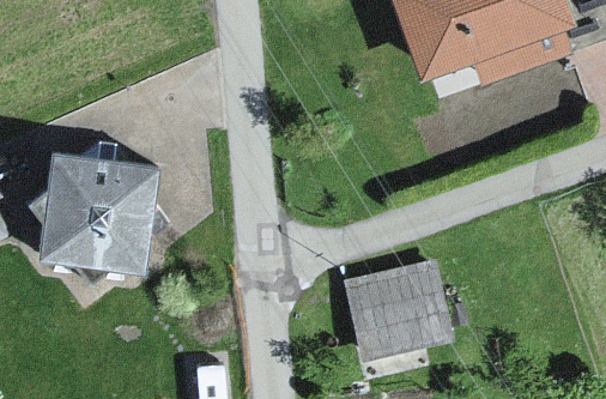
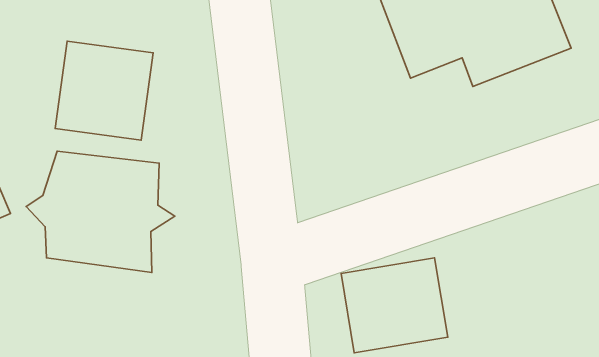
building: none -> [55,41,153,140]

